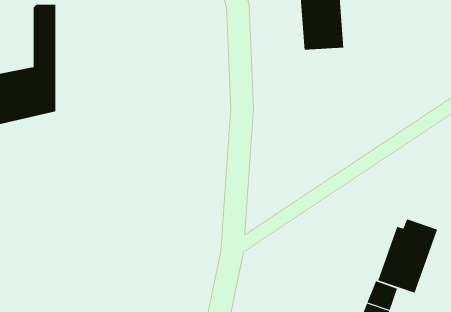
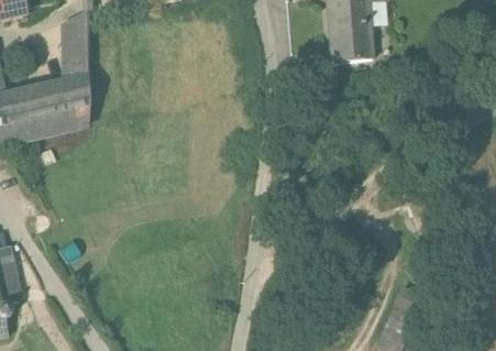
building: [378,218,438,293] -> none

